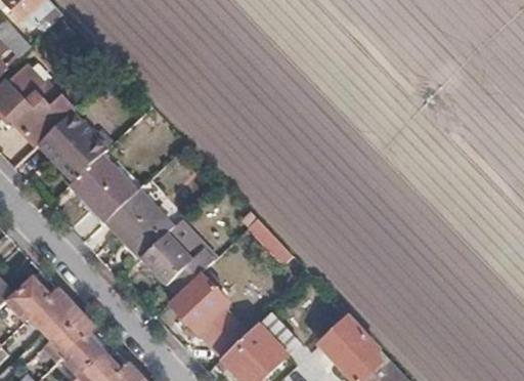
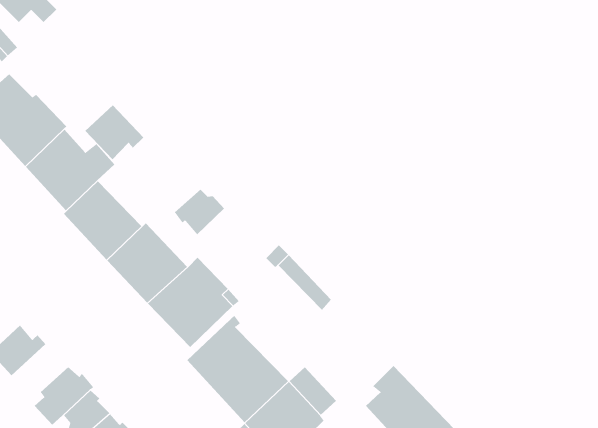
building: none -> [84,104,144,160]
building: none -> [174,189,225,235]
building: [23,290,77,334] -> none

